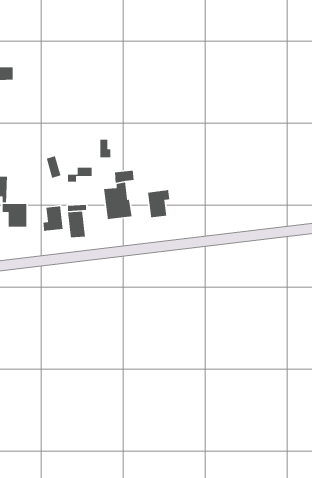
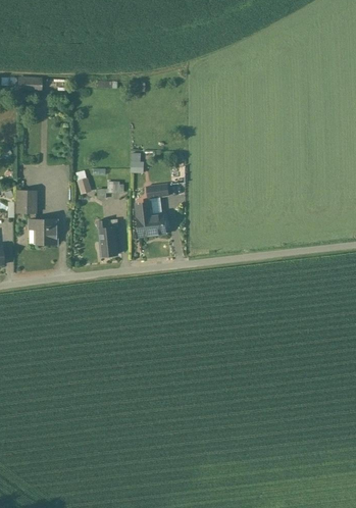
building: [147,189,170,218] -> none
building: [42,206,64,232] -> none

